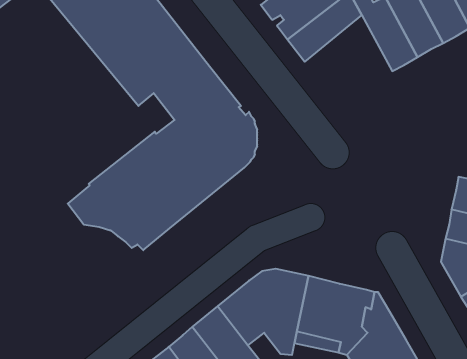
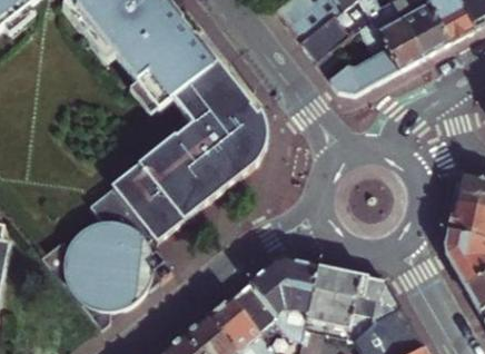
building: none -> [329,17,399,94]
building: none -> [44,217,174,330]

